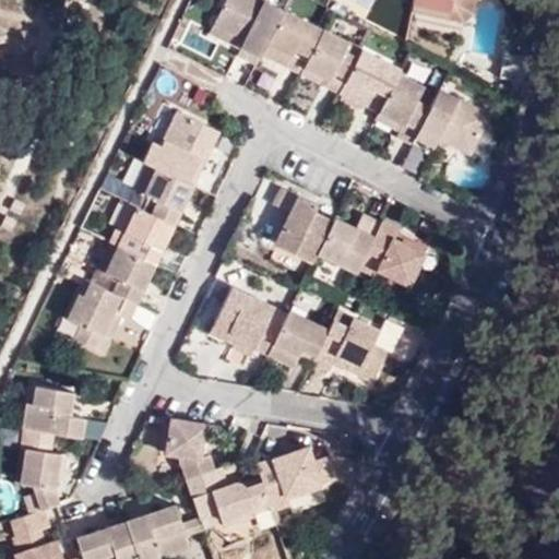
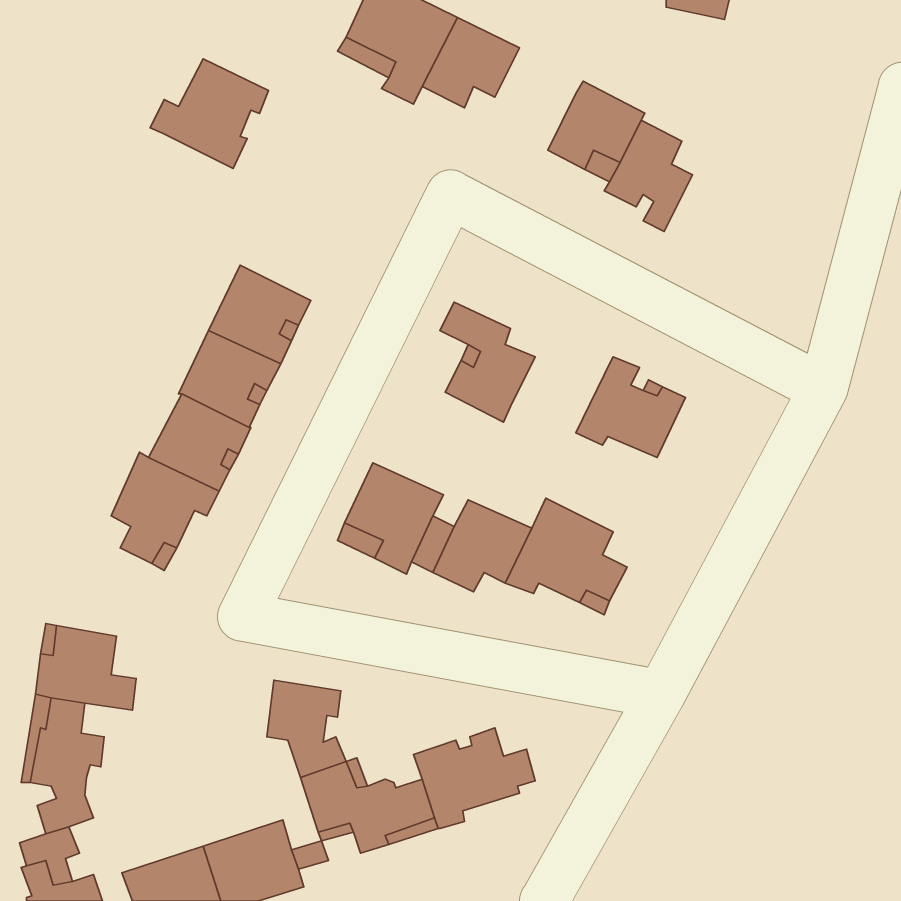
building: [300,29,357,93] -> none
building: [412,90,489,154] -> none
building: [142,118,215,186] -> [150,59,268,168]
building: [317,214,379,270] -> none

